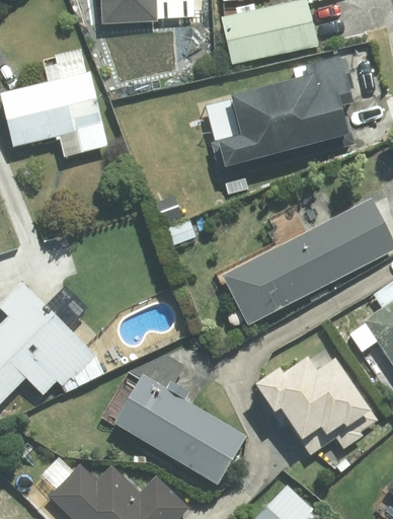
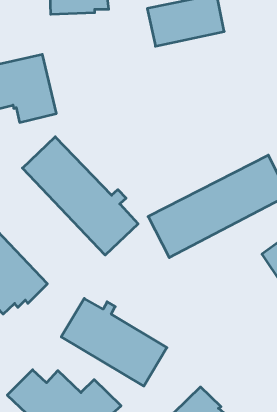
building: [211,56,366,178] -> none
building: none -> [22,137,138,255]
building: [257,346,376,456] -> none

